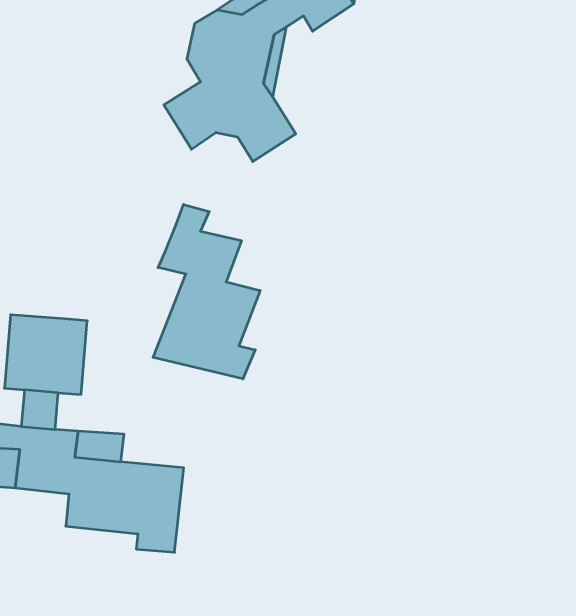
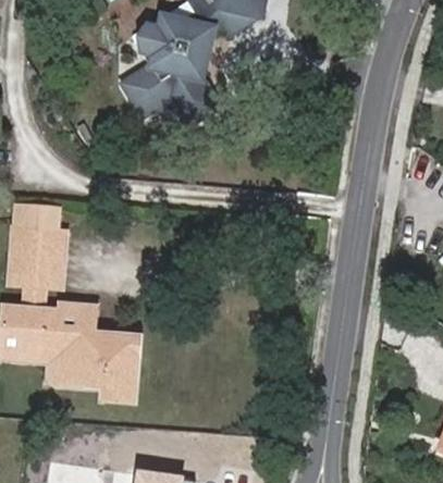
building: [153,204,260,379] -> none
building: none -> [15,205,59,233]

